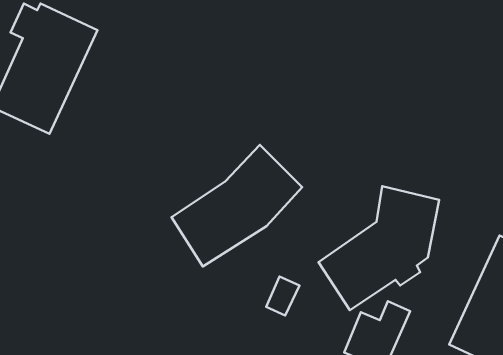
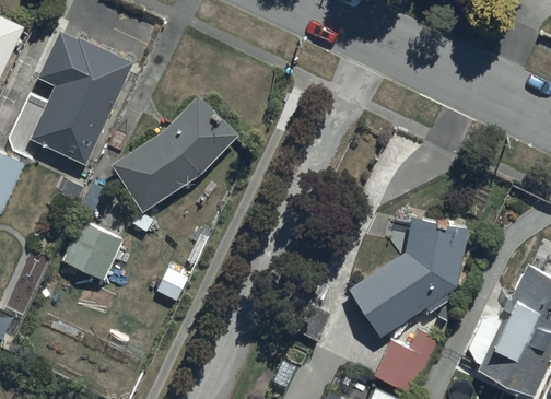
building: [172,145,302,266] -> [110,93,238,212]
building: none -> [62,222,121,280]

